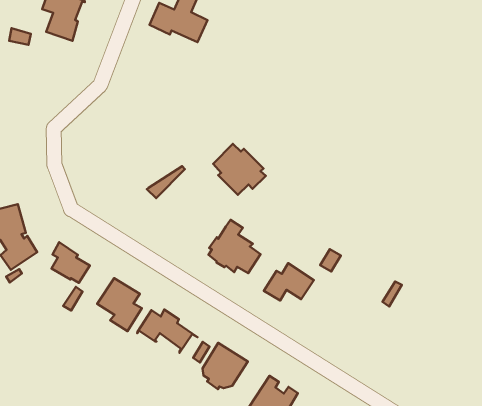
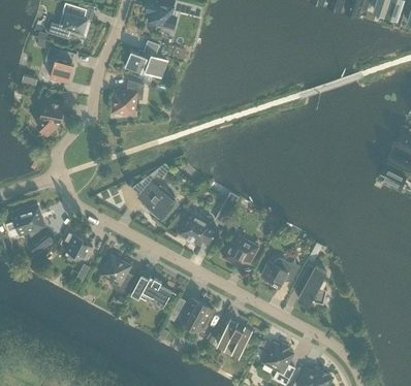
building: none -> [113,81,144,116]
building: none -> [37,98,64,135]
building: [213,144,266,195] -> [138,182,178,219]
building: none -> [261,258,299,288]
building: none -> [297,264,327,303]

